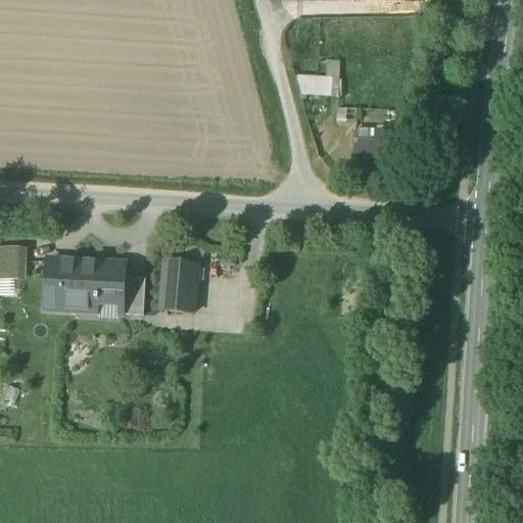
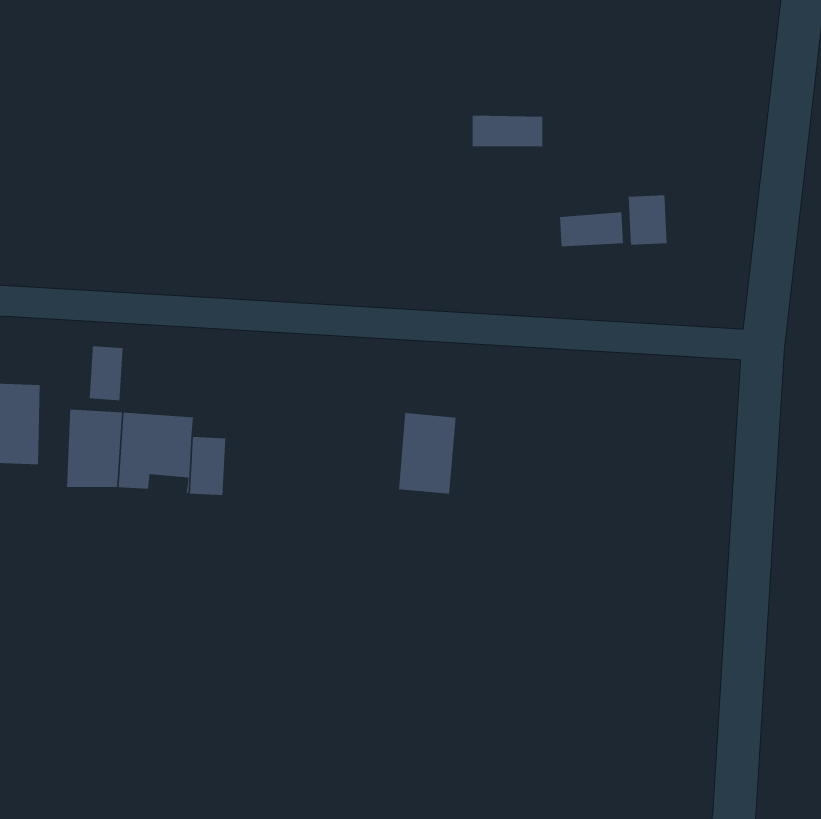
building: none -> [628,194,668,245]
building: none -> [89,345,123,401]
building: [158,259,195,312] -> [398,412,456,495]

